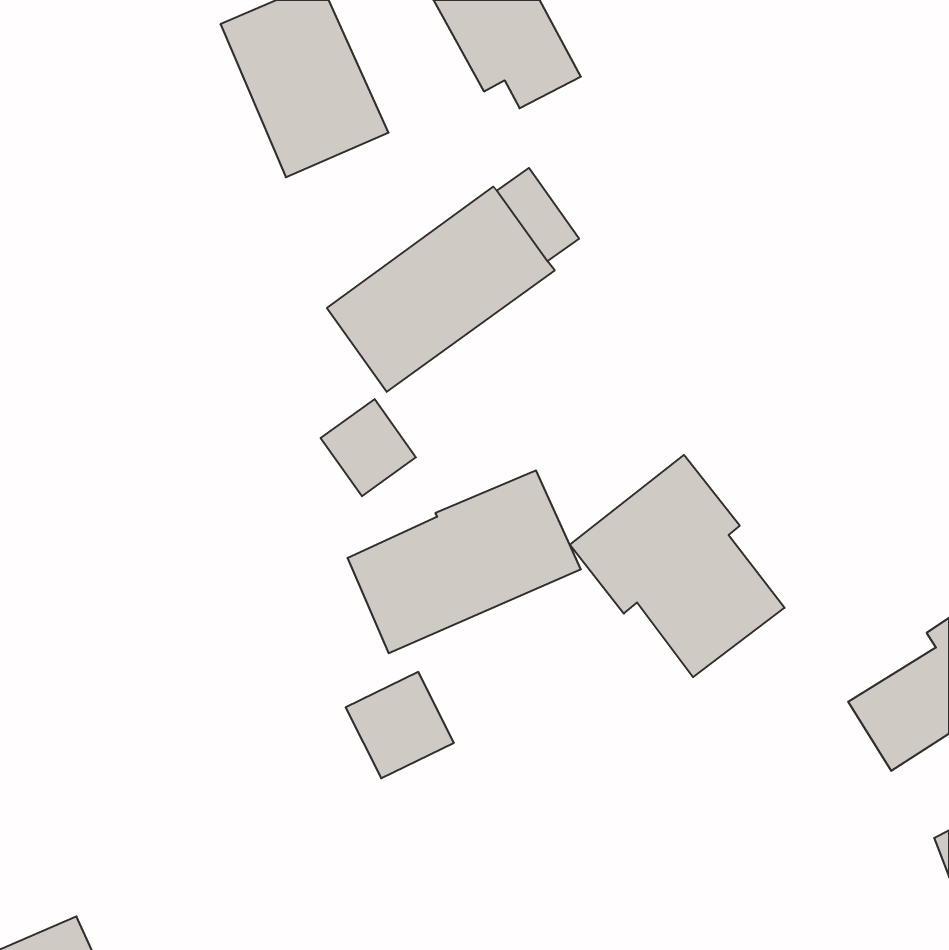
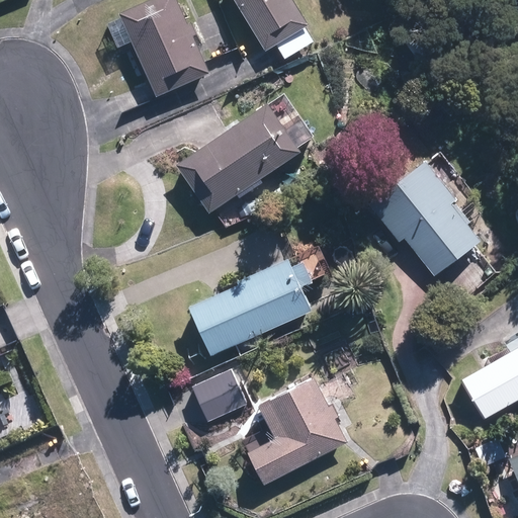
building: [321,399,416,496] -> none
building: [570,455,785,677] -> [367,158,484,278]
building: none -> [247,379,346,483]

